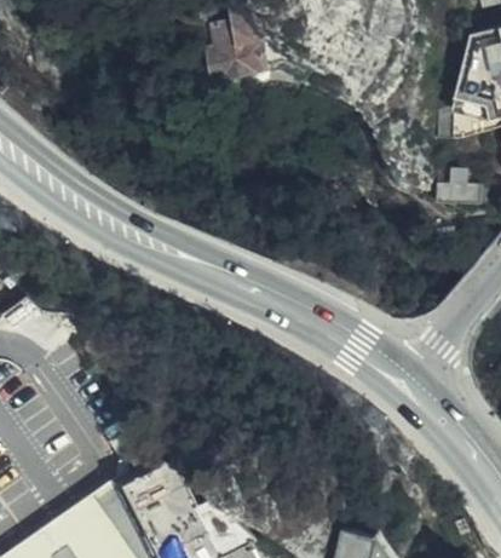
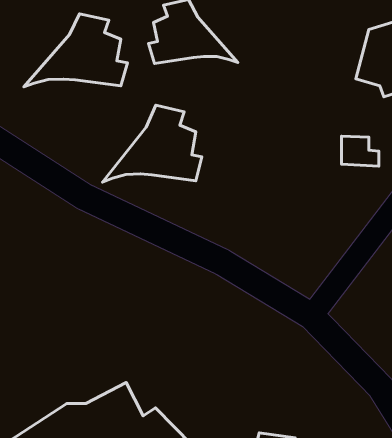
building: none -> [24,14,127,87]
building: none -> [103,105,202,182]

